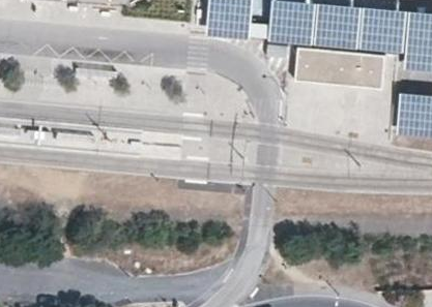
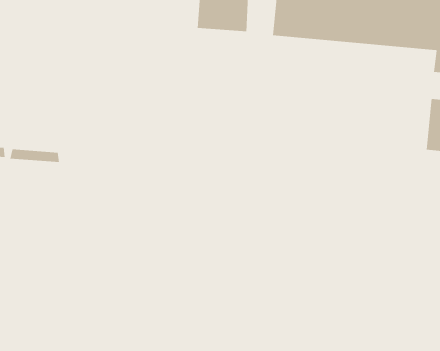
building: [292,53,382,92] -> none

